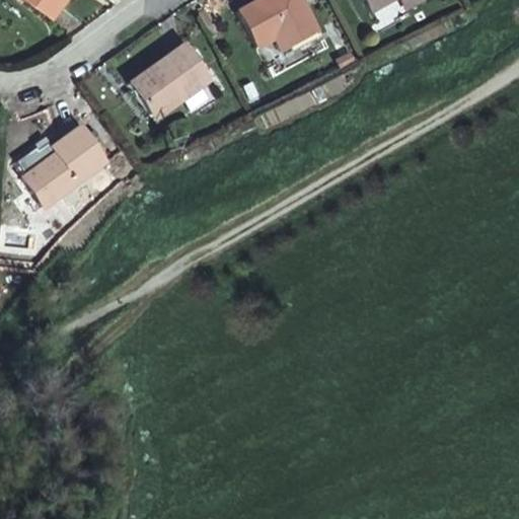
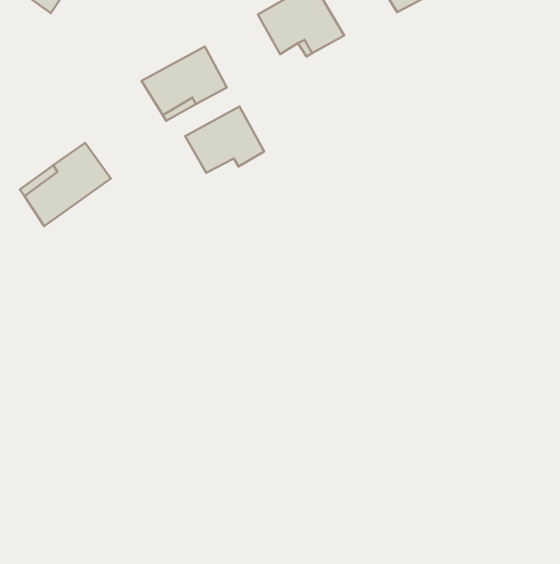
building: none -> [185,107,264,173]

